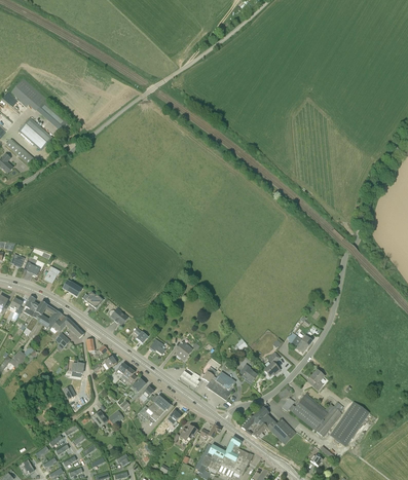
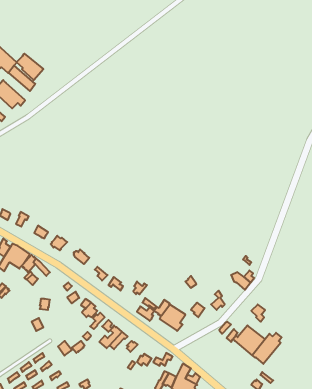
building: none -> [17,54,43,80]
building: [330,401,370,447] -> none
building: [242,405,297,444] -> none

